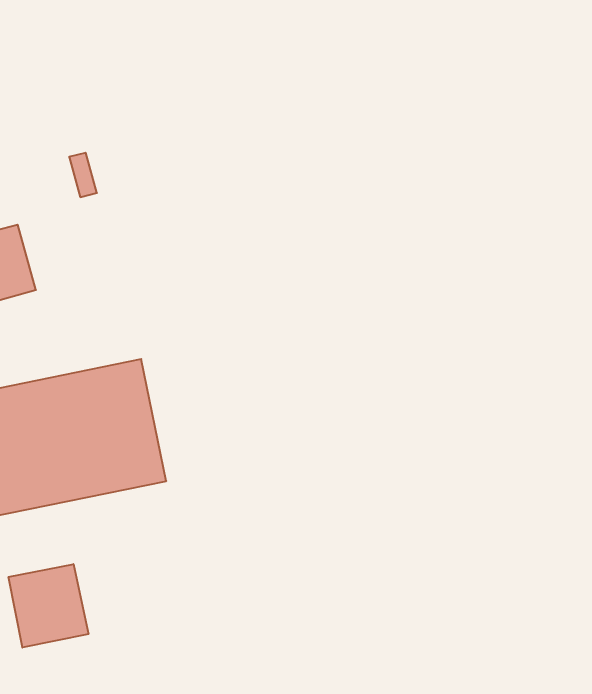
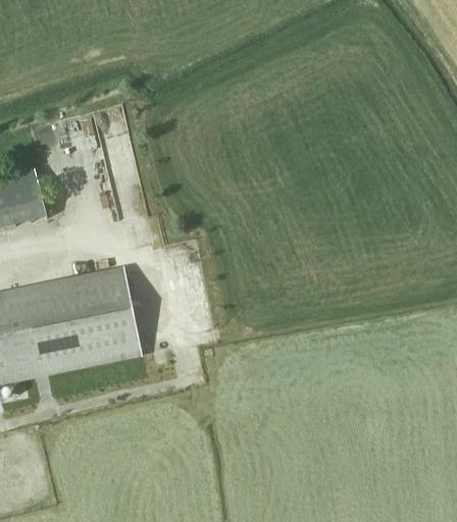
building: [9,564,88,648] -> none

